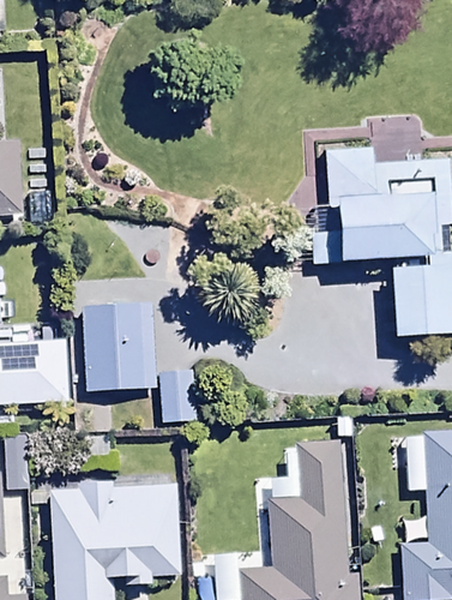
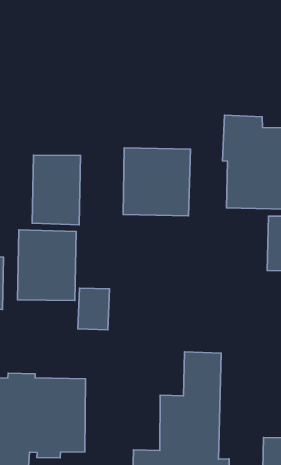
building: none -> [123,148,190,216]
building: none -> [32,155,80,225]

